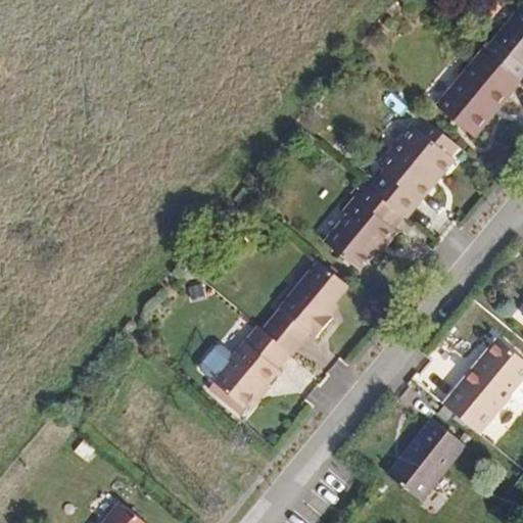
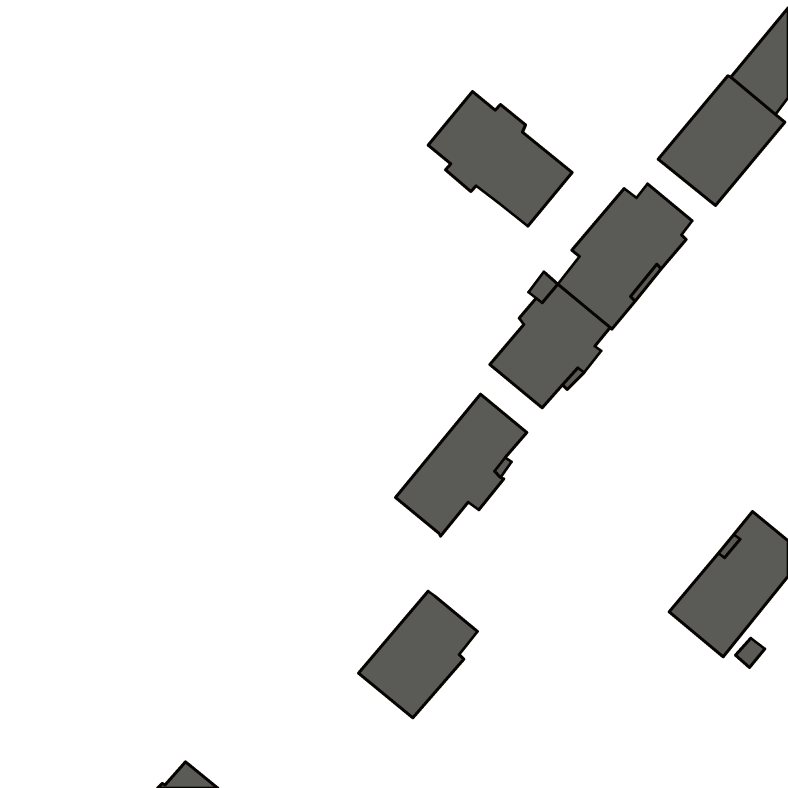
building: none -> [428,92,572,226]
building: [211,326,290,410] -> [359,591,478,718]
building: [387,419,465,502] -> none

